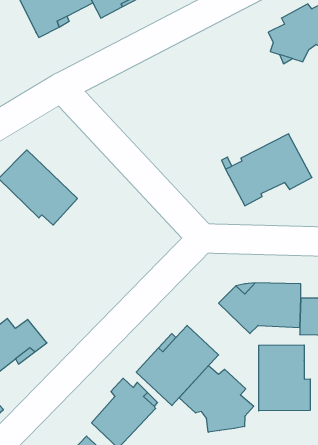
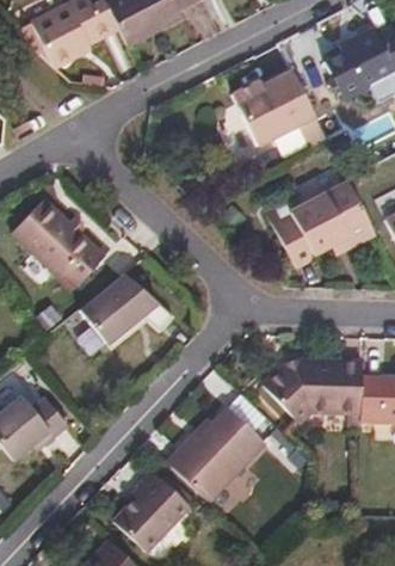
building: none -> [234,72,327,147]
building: none -> [76,276,168,345]
building: [259,345,310,411] -> none
building: [179,366,254,432] -> none

